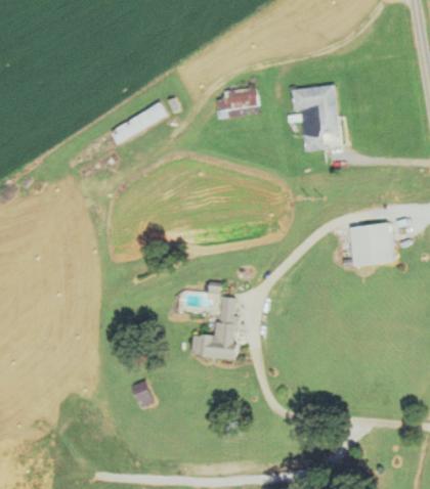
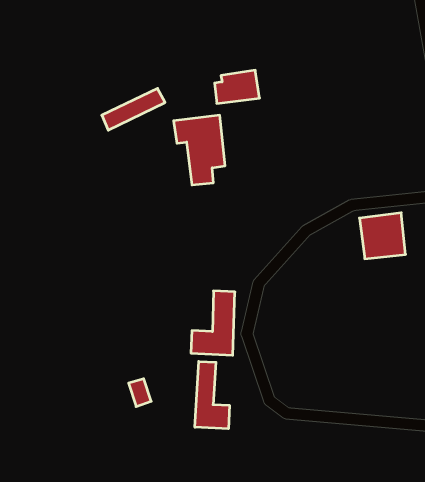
building: [290,84,339,150] -> [174,115,225,185]
building: none -> [195,361,229,429]

